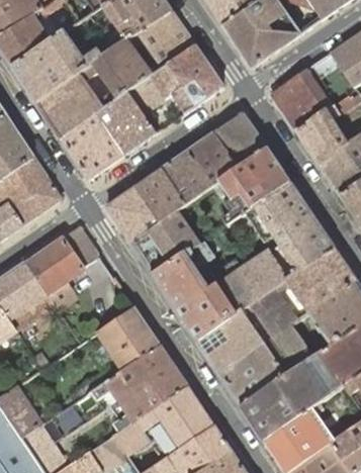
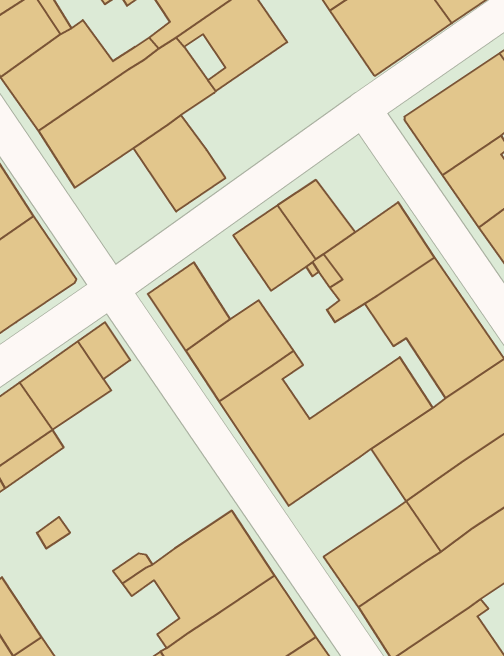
building: [128,45,223,119] -> none
building: [61,113,125,179] -> none
building: [214,114,267,167] -> none
building: [137,169,186,222] -> none
building: [197,305,272,374] -> none
building: [99,306,161,369] -> none

